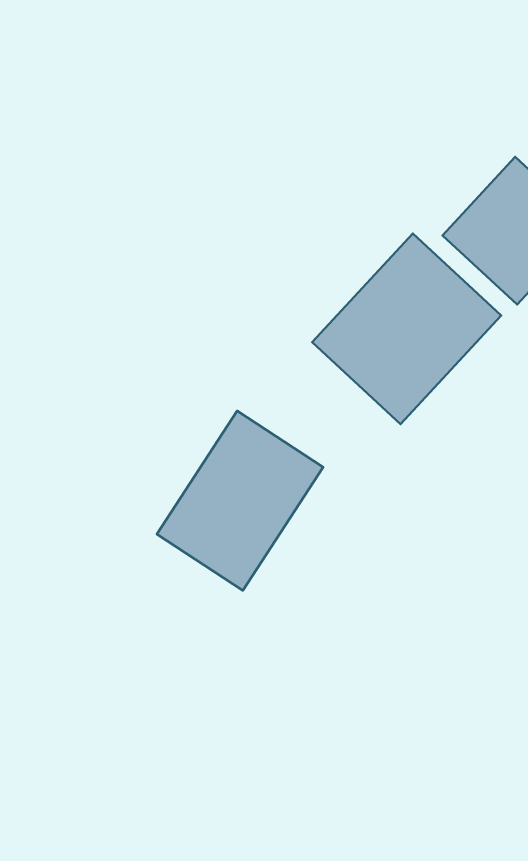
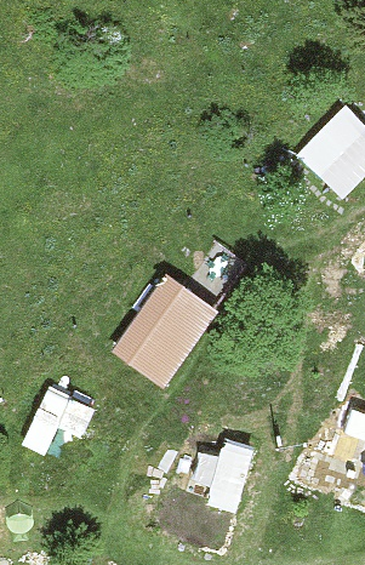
building: [312,234,501,424] -> none

